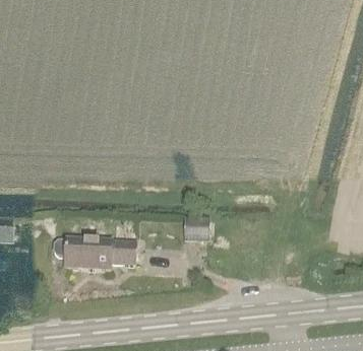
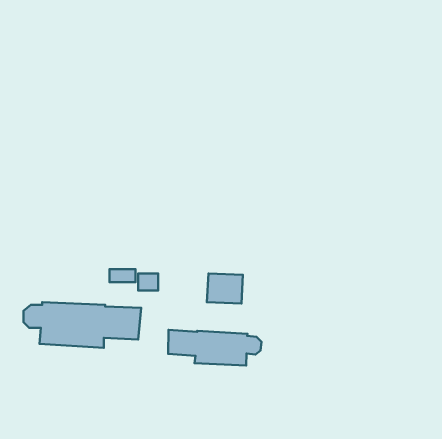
building: none -> [168,330,262,365]

